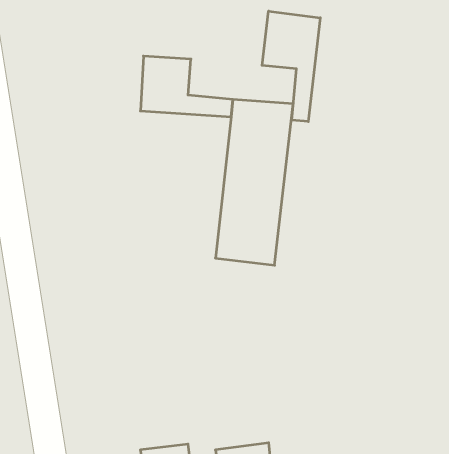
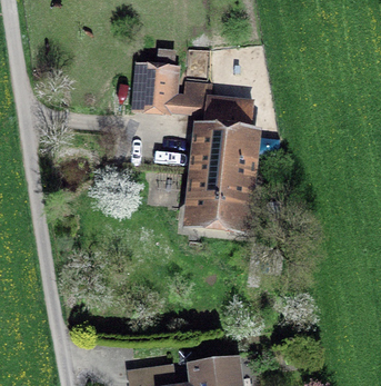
building: [262,11,320,122] -> none

